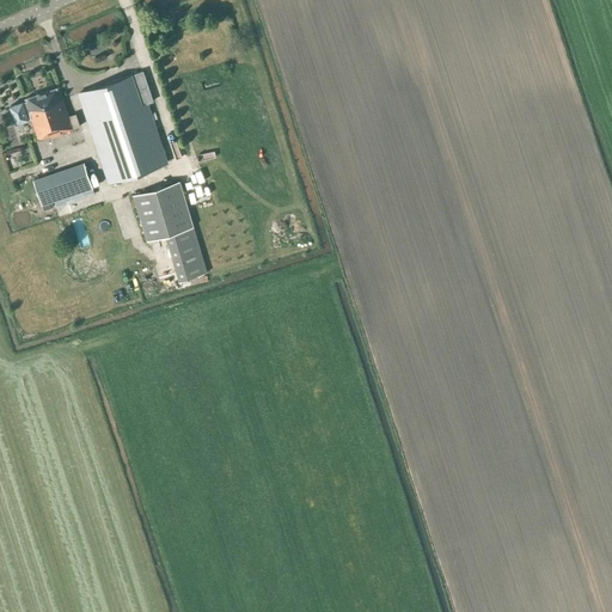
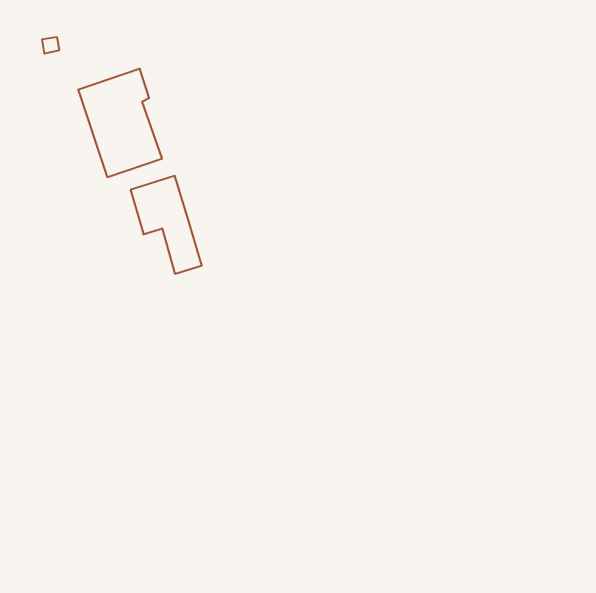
building: [20,88,80,141] -> none
building: [33,165,93,208] -> none

